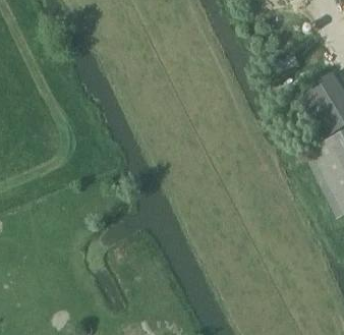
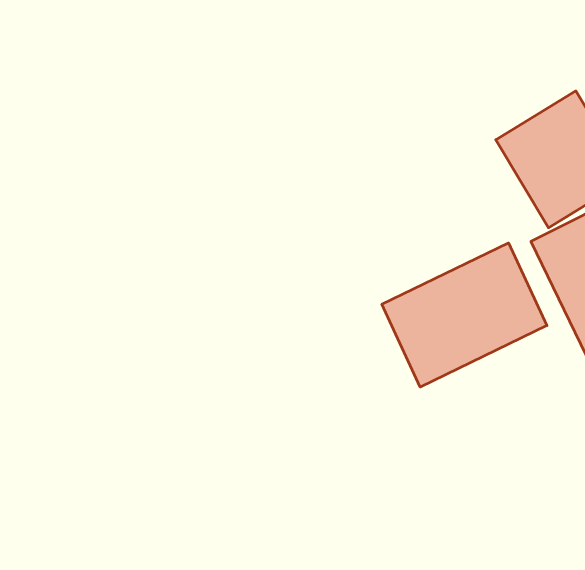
building: none -> [382,243,547,387]

